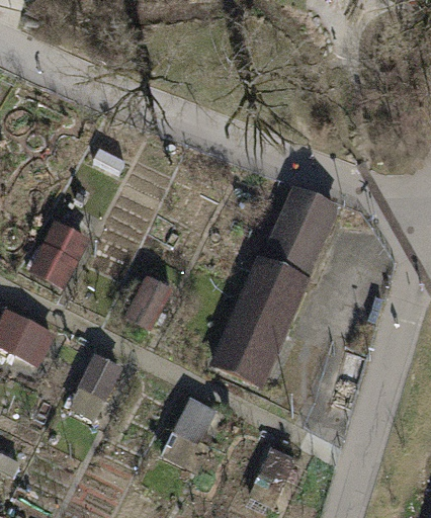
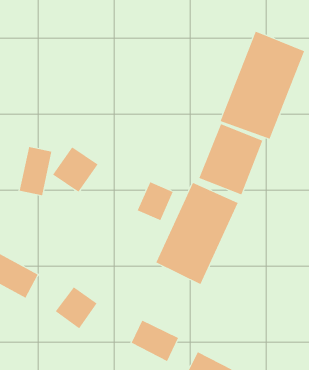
building: none -> [220,31,305,140]

